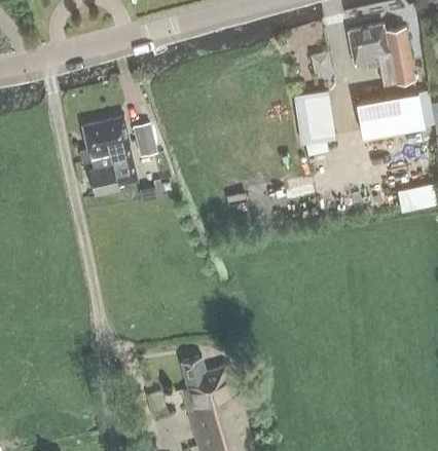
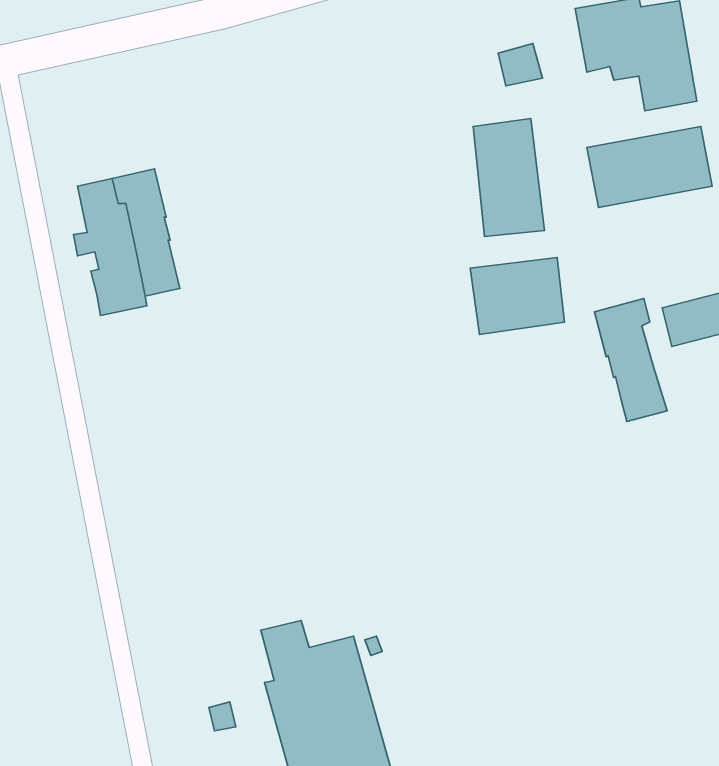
building: [133,122,158,156] -> none
building: none -> [470,258,564,334]
building: none -> [595,299,667,422]

